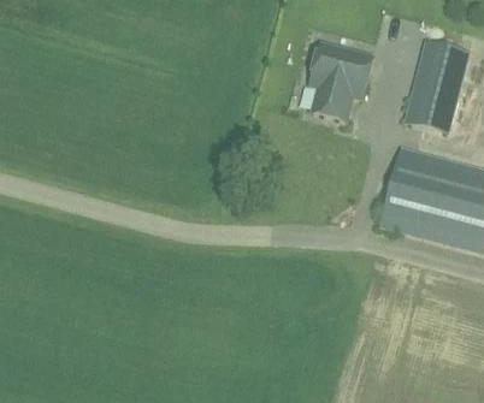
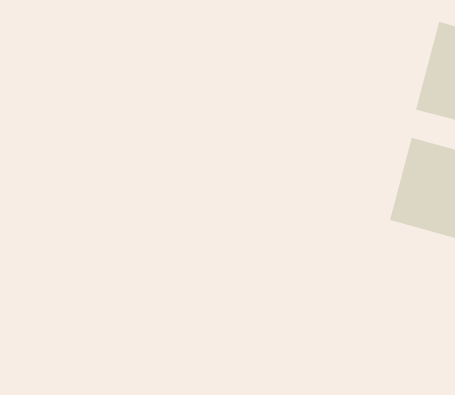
building: [308,45,371,122] -> none

